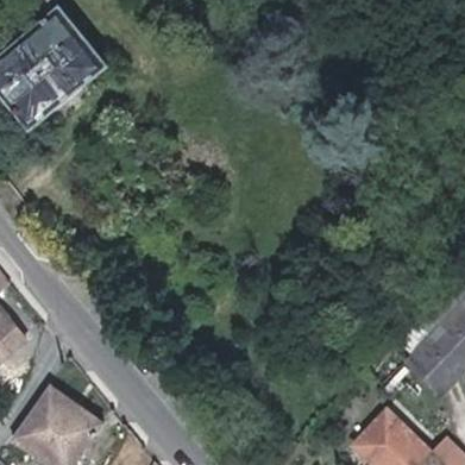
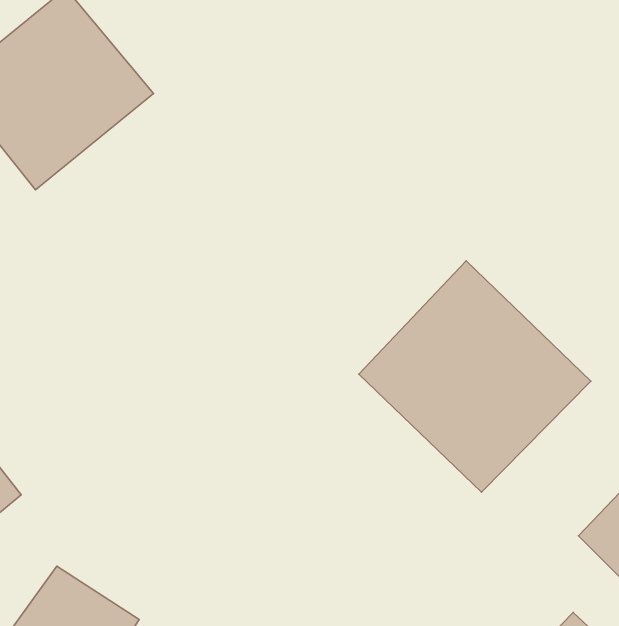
building: none -> [359,261,591,492]

